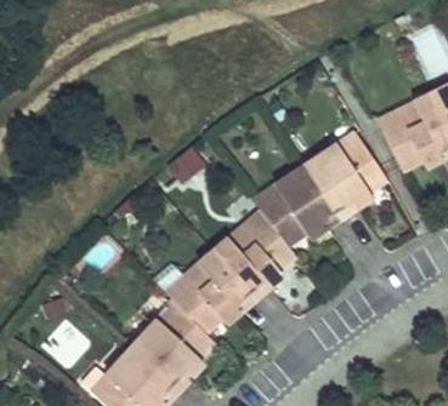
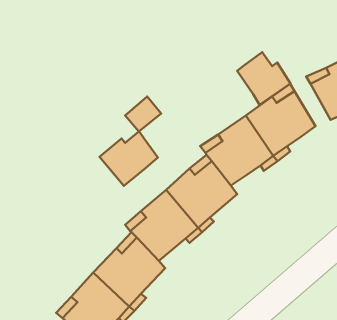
building: none -> [237,52,290,105]
building: none -> [99,131,158,186]

